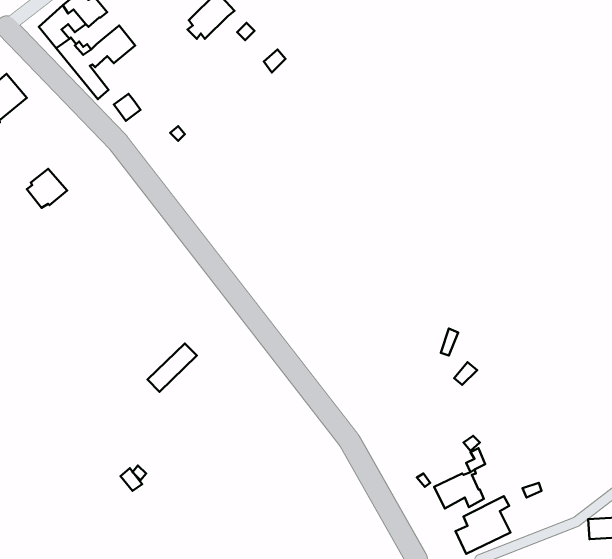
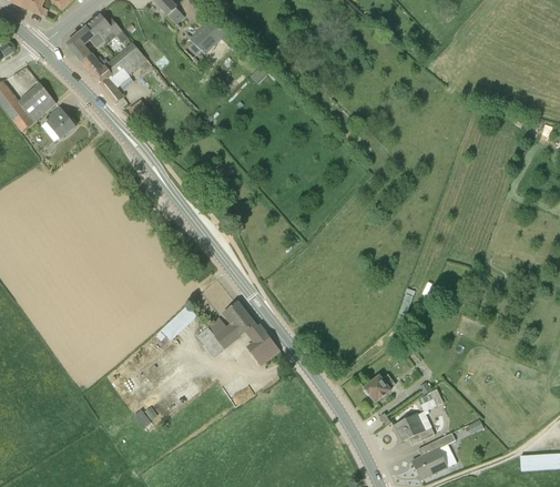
building: [27,169,67,208] -> [42,108,75,140]
building: none -> [197,302,279,365]
building: none -> [363,374,395,402]

